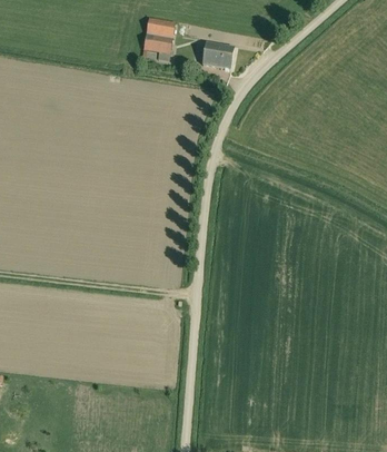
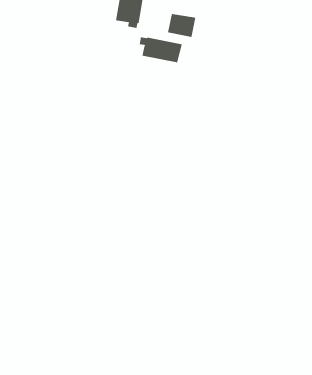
building: none -> [139,36,182,63]

